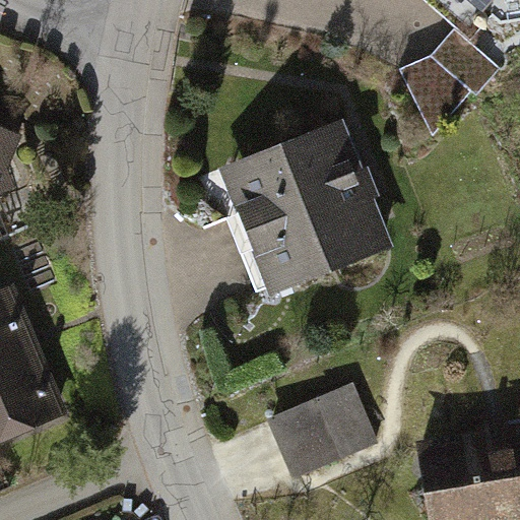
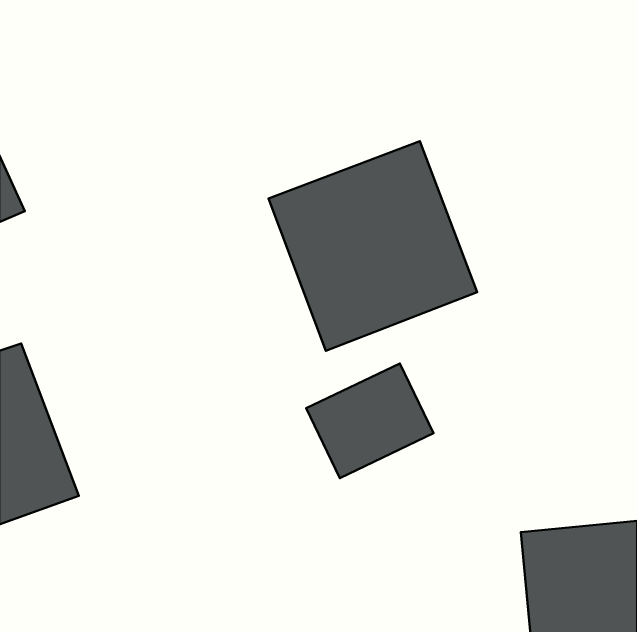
building: [397,32,501,137] -> none
building: [271,387,375,480] -> [306,363,433,478]

